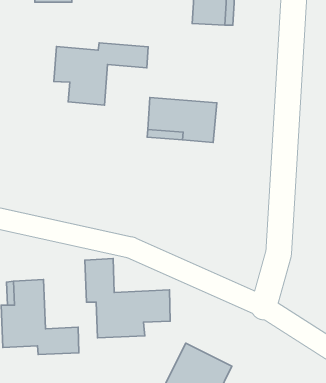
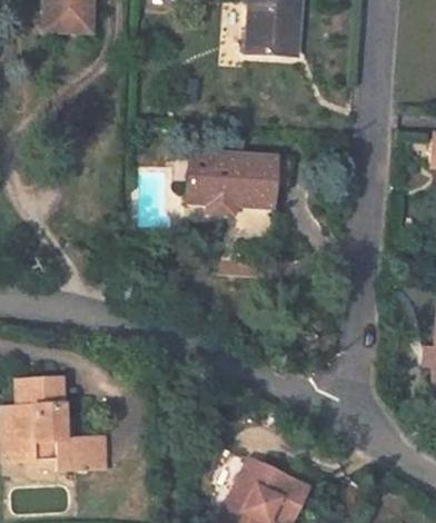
building: [54,43,148,105] -> none
building: [85,259,170,338] -> none

